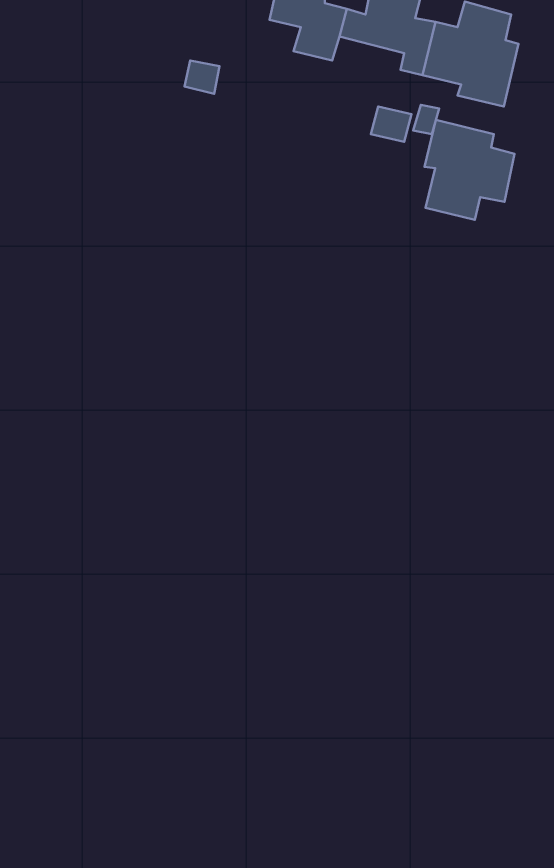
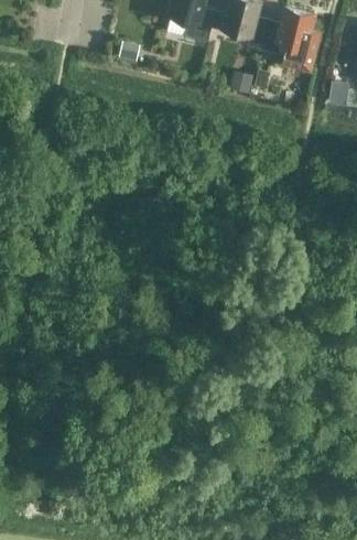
building: [425,120,515,220] -> none

